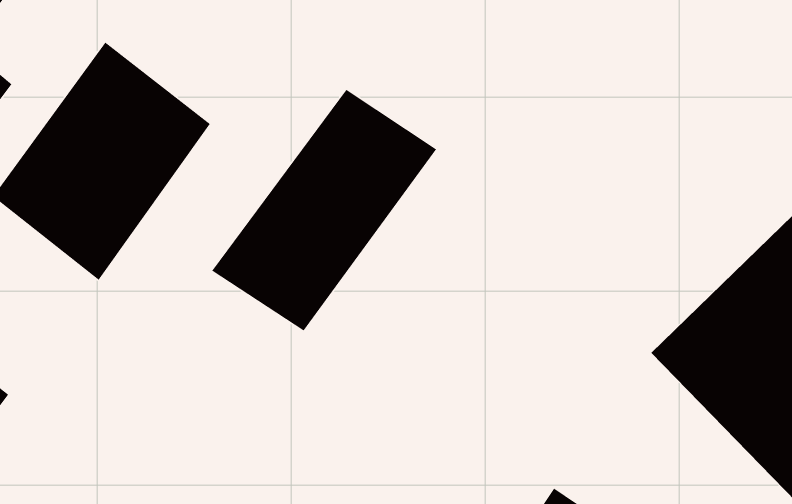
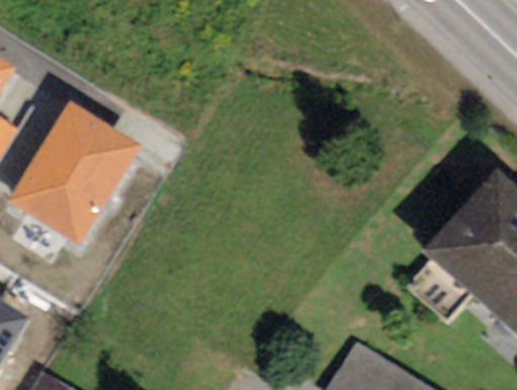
building: [211,89,437,332] -> none

